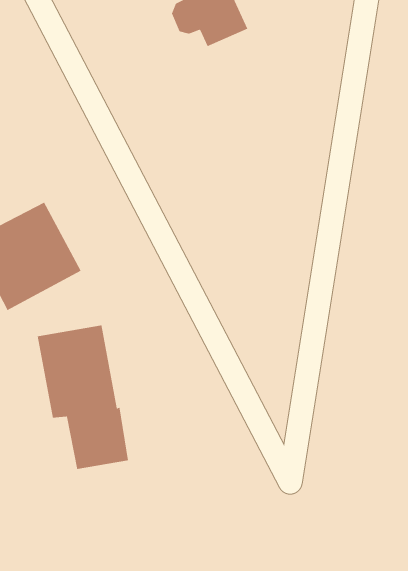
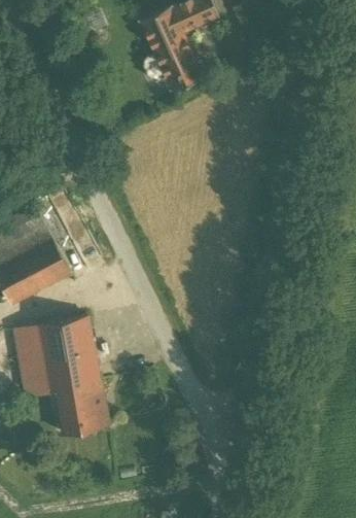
building: none -> [14,325,47,395]

